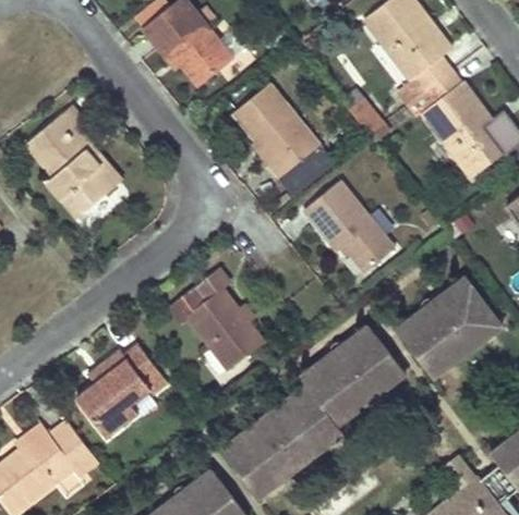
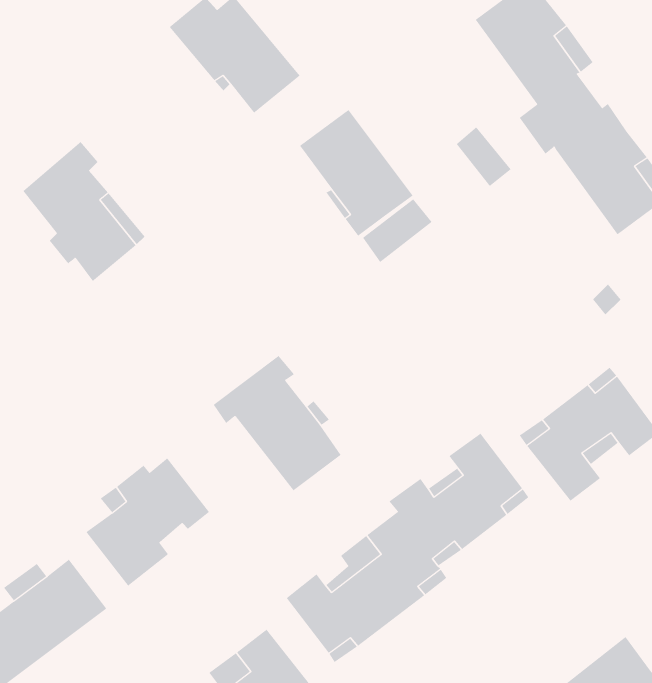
building: [303,181,391,270] -> none

